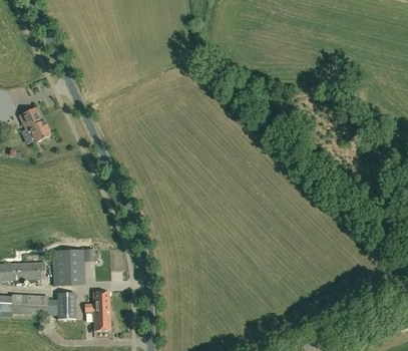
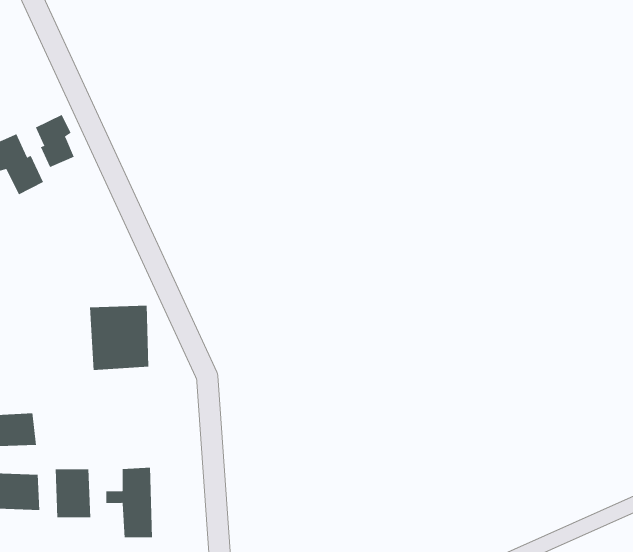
building: none -> [35,114,74,168]
building: [52,249,85,285] -> [89,305,149,371]

